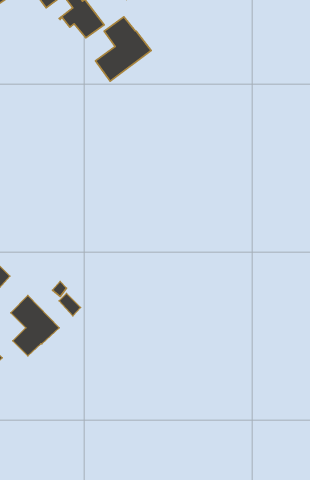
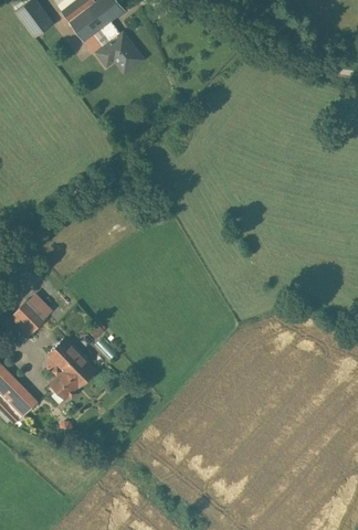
building: [95,17,151,81] -> none

